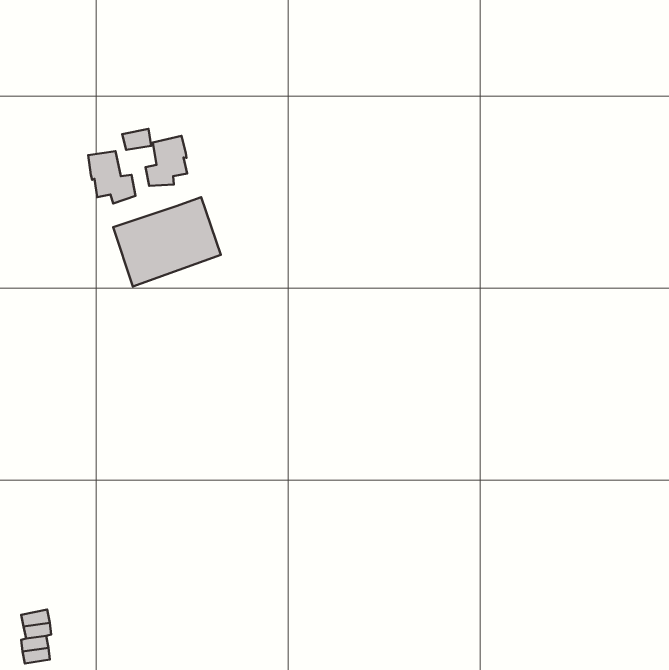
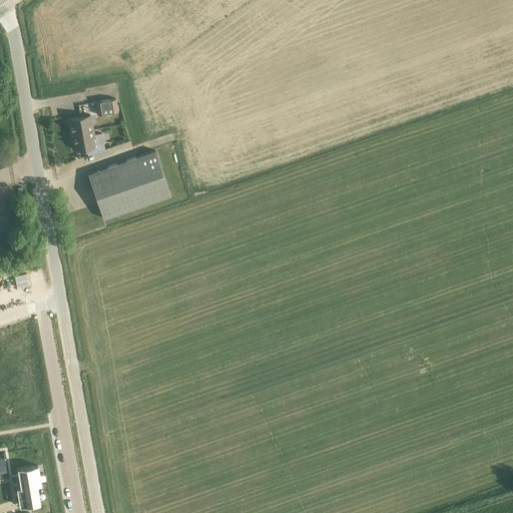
building: [146,136,187,186] -> none

